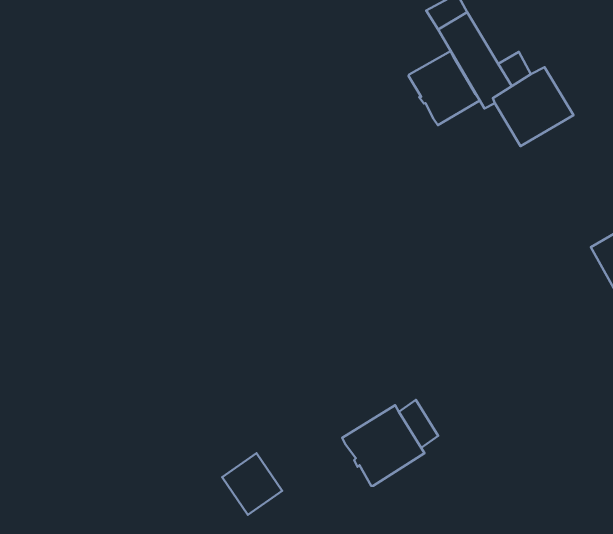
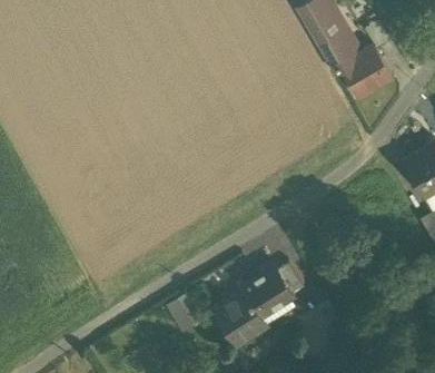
building: [409,51,480,125] -> none
building: none -> [216,291,266,343]

